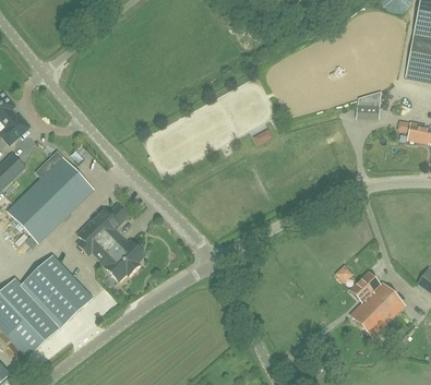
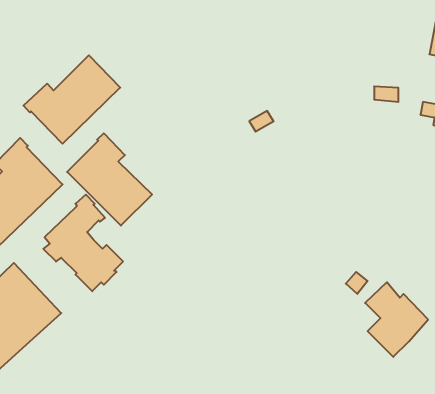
building: none -> [23,55,120,144]
building: none -> [67,133,152,226]

